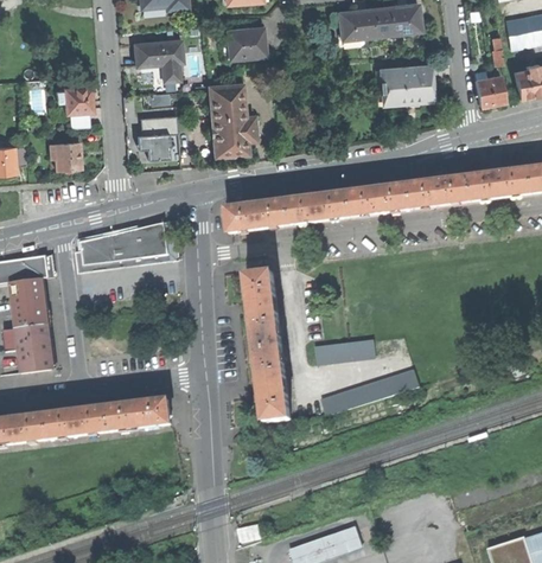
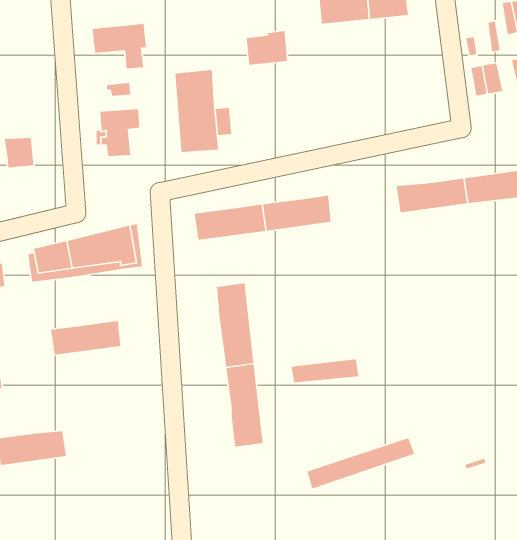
building: [227,25,264,57] -> [246,30,288,65]
building: [380,64,432,105] -> none
building: [56,84,93,111] -> none
building: [347,184,412,217] -> none
building: [319,369,417,416] -> [307,437,415,489]
building: [107,397,171,429] -> [50,320,121,356]

